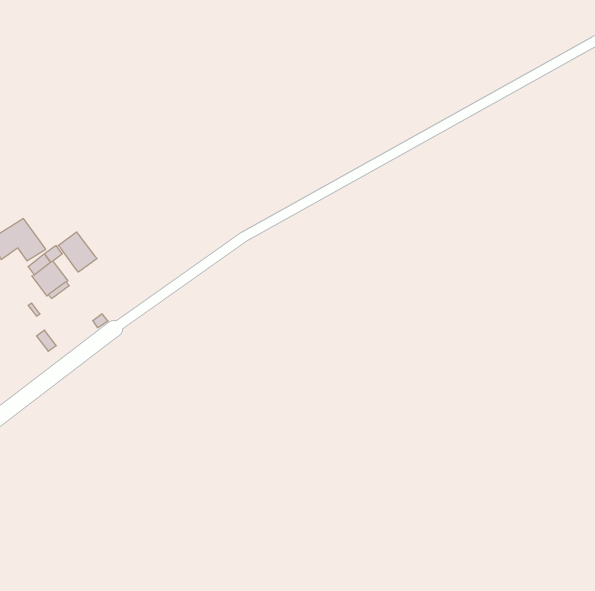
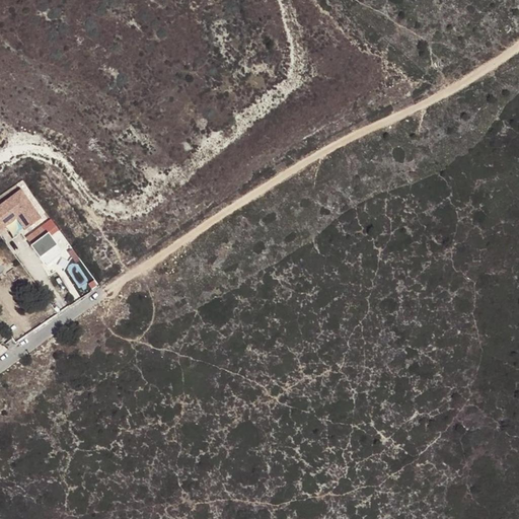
building: [58,232,97,272] -> none

